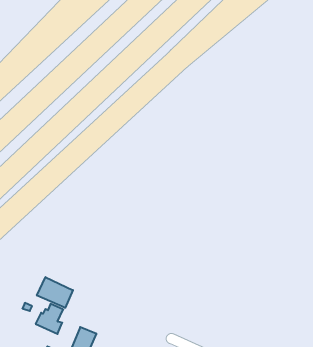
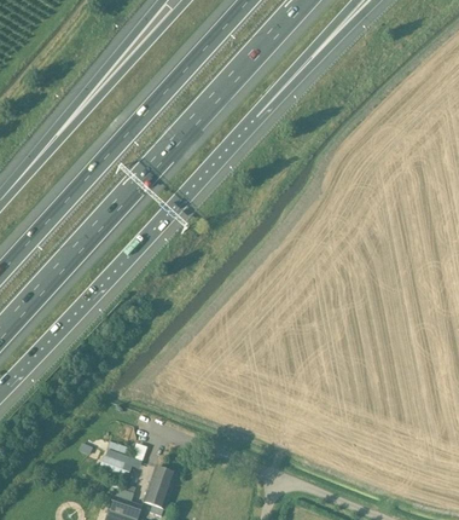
building: [37,277,73,308] -> none

